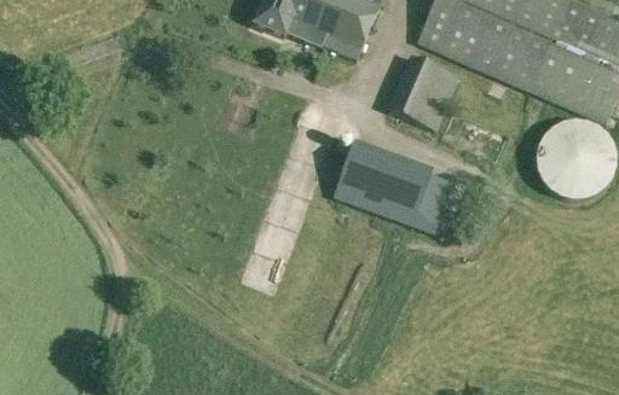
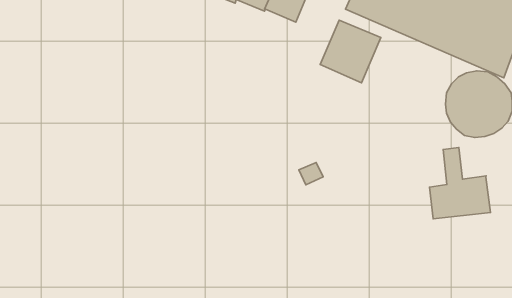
building: [334,141,453,234] -> none
building: none -> [430,148,491,219]

